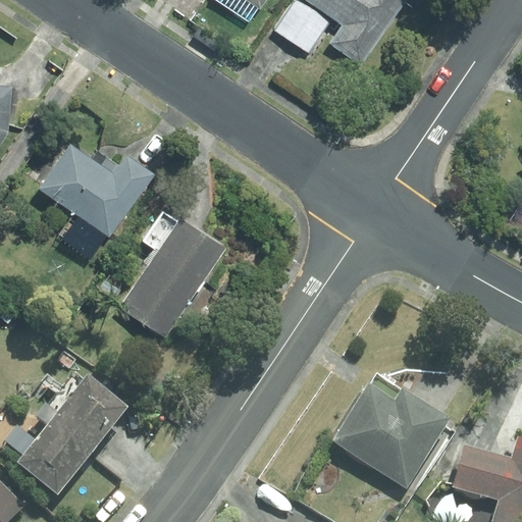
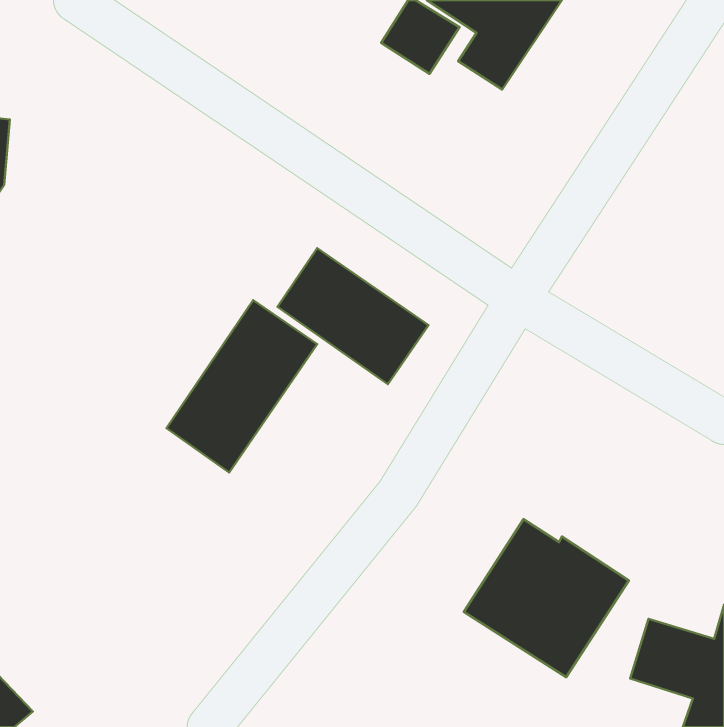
building: [39,143,155,238] -> none
building: none -> [278,248,428,384]
building: [16,379,128,501] -> none

